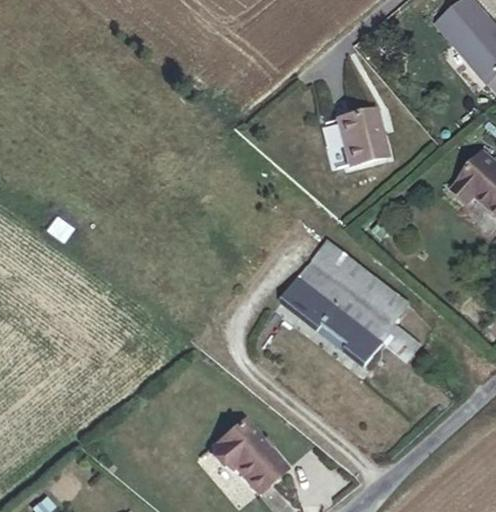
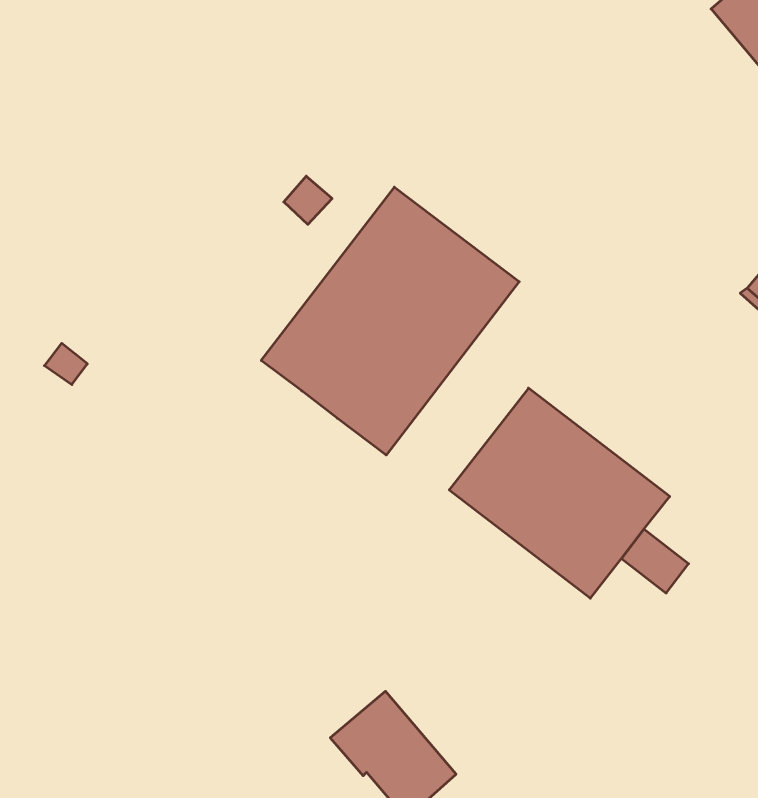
building: [337,111,386,164] -> none
building: none -> [261,187,519,455]

